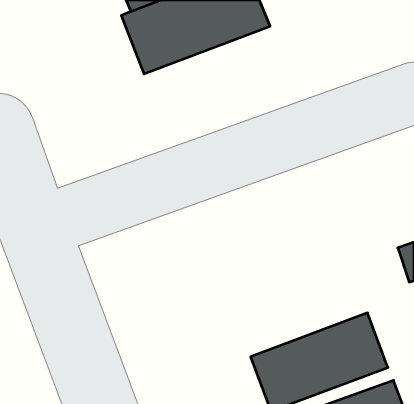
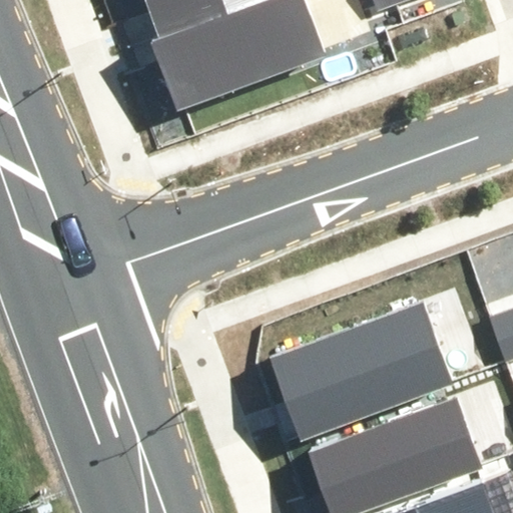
building: none -> [276,308,448,435]

